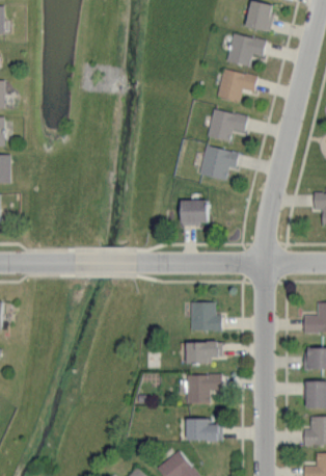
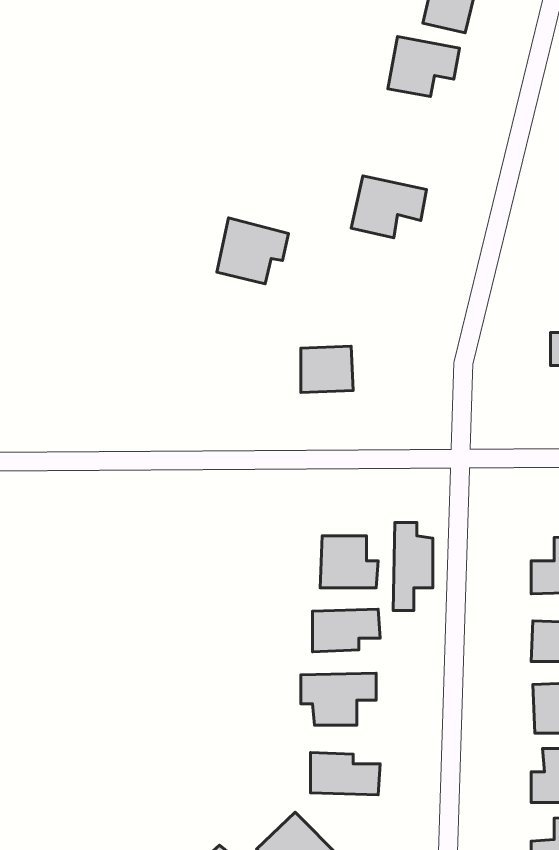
building: [217,70,257,102] -> none
building: [199,146,238,181] -> [217,218,288,284]
building: none -> [393,522,433,610]

